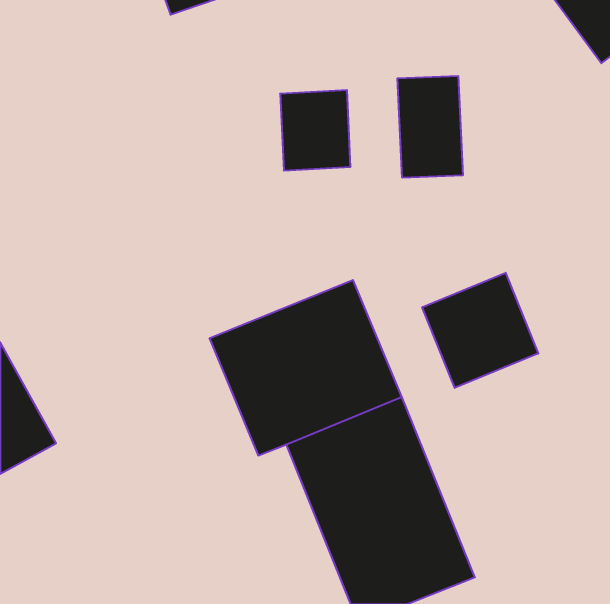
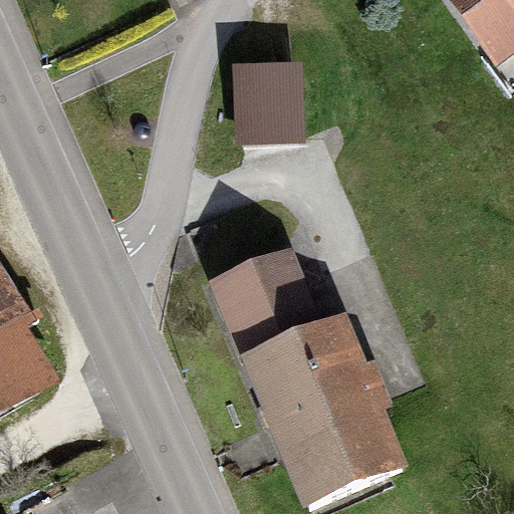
building: [397,76,463,178] -> none
building: [422,273,538,388] -> none

